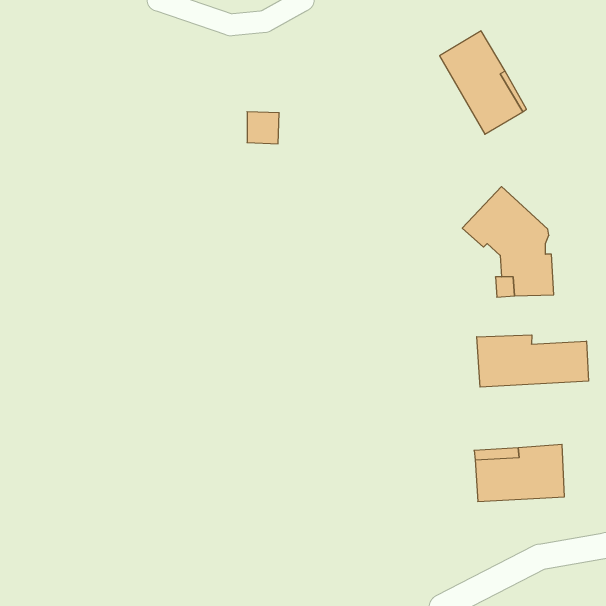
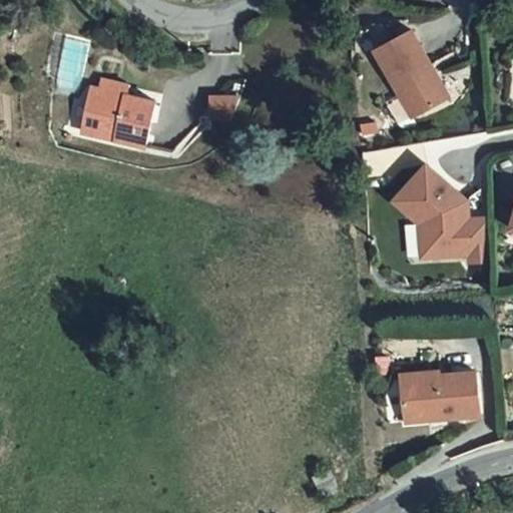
building: none -> [81,87,153,146]
building: [477,335,588,387] -> none

